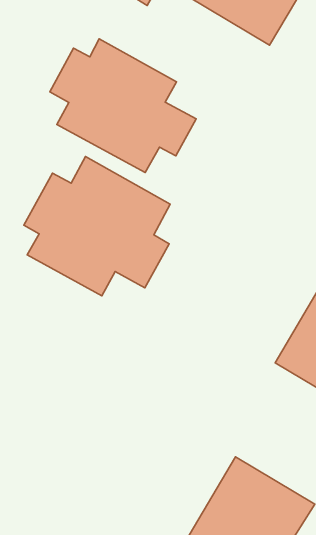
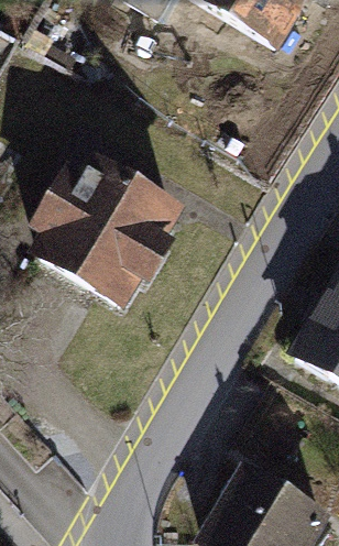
building: [50,39,196,173] -> none

